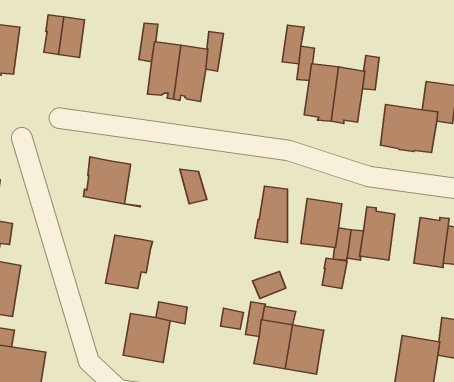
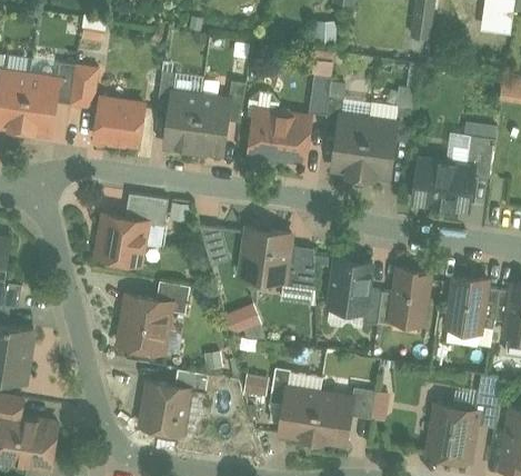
building: none -> [22,77,58,135]
building: none -> [94,99,143,146]
building: none -> [249,109,309,160]
building: none -> [124,194,168,227]
building: none -> [240,229,290,281]
building: none -> [157,282,191,316]
building: [322,258,347,288] -> [349,388,375,420]
building: [252,271,286,299] -> [223,306,259,335]

